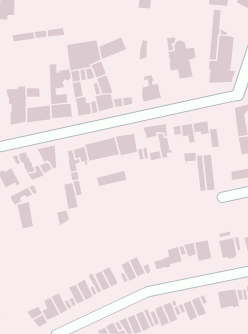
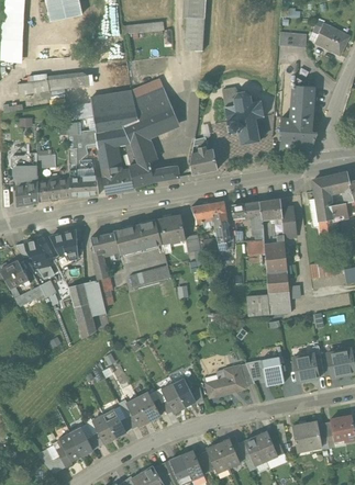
building: none -> [137,104,179,139]
building: none -> [247,291,290,316]
building: [16,201,34,229] -> [69,283,92,320]

